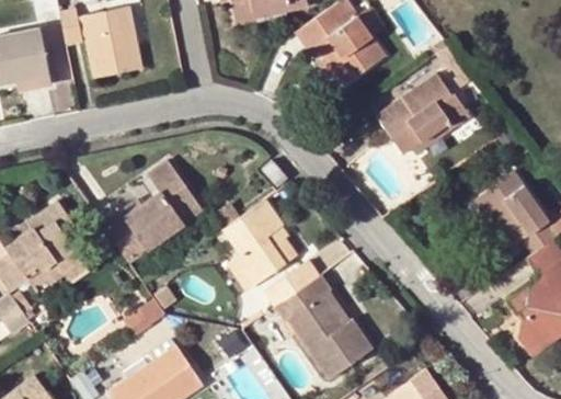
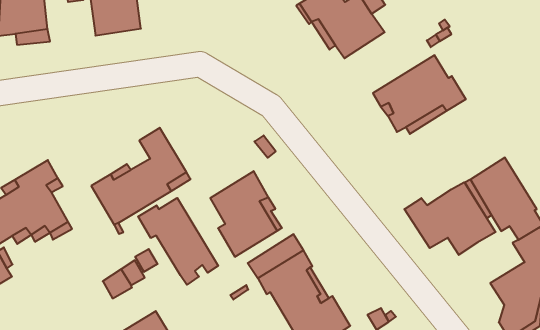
building: none -> [404,182,496,255]
building: none -> [138,198,218,285]

